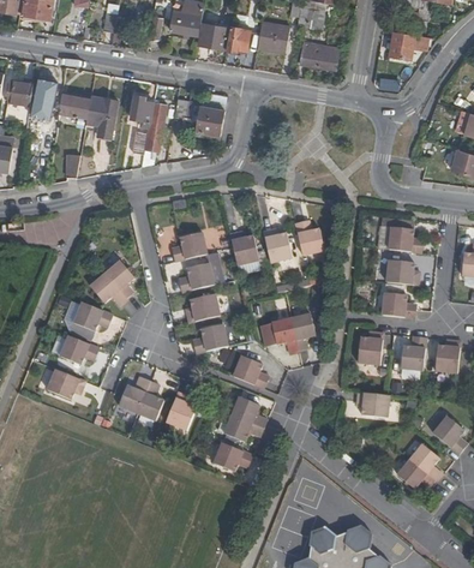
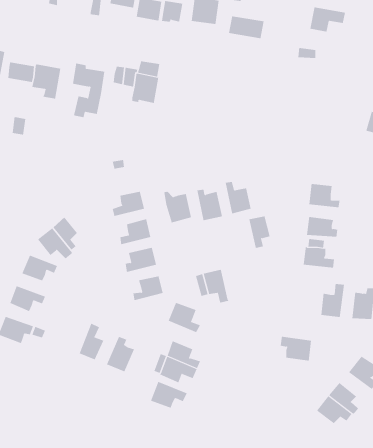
building: [292,316,316,352] -> [249,216,271,249]
building: [356,331,383,366] -> none
building: [118,375,149,412] -> none

